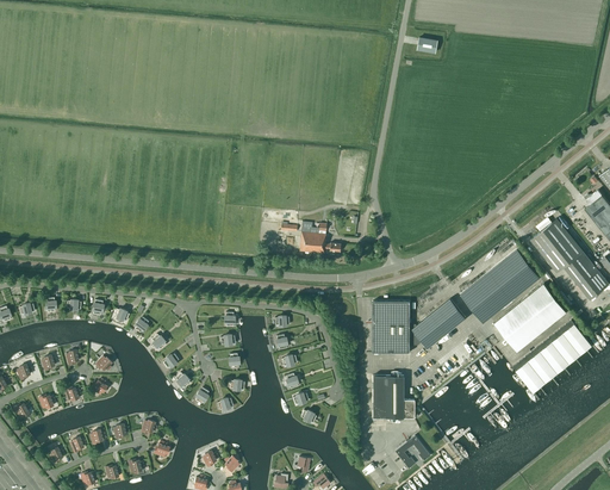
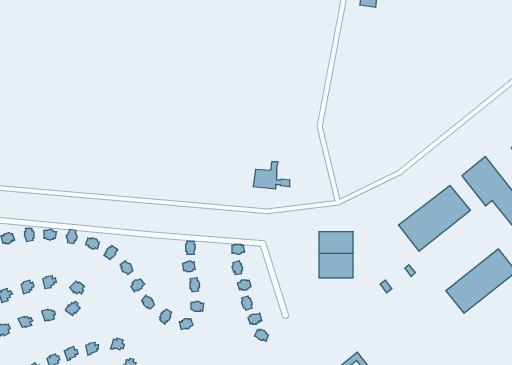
building: [494,284,567,352] -> none
building: [410,299,466,348] -> none
building: [372,376,413,417] -> none

